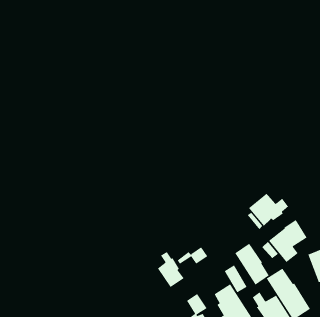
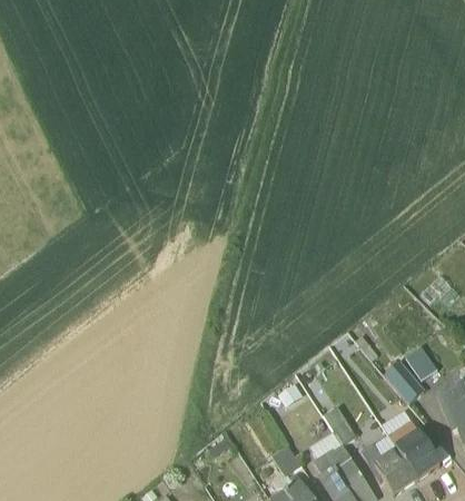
building: [248,193,289,227] -> none
building: [234,243,269,285] -> none
building: [157,251,184,288] -> none

